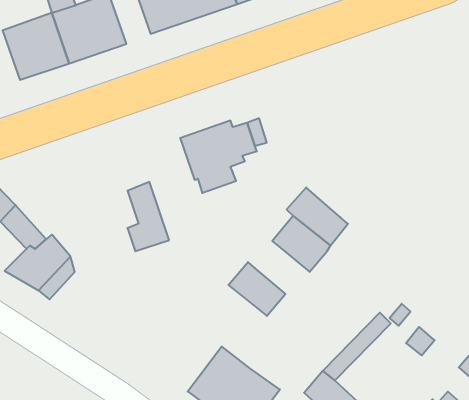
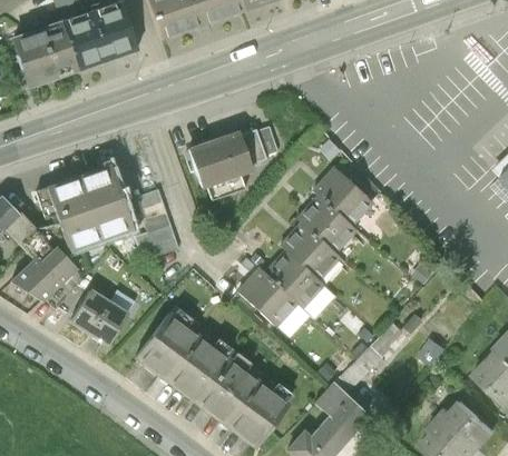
building: none -> [33,163,134,250]
building: none -> [312,167,372,226]
building: none -> [265,254,328,311]
building: none -> [70,288,130,347]
building: none -> [137,314,231,403]

